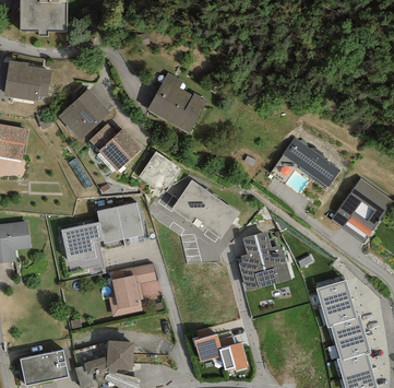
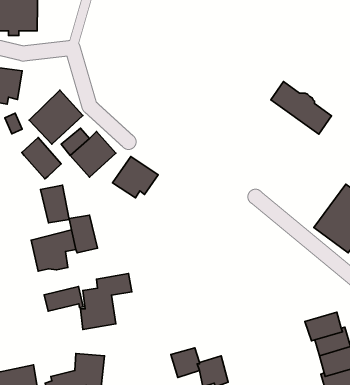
building: [146,72,207,132] -> none
building: none -> [22,138,61,179]
building: [282,137,339,187] -> [271,82,332,134]
building: [170,179,239,238] -> none
building: [116,202,143,238] -> [41,185,69,223]
building: [239,233,289,292] -> none
building: none -> [44,287,83,311]
building: [315,280,351,308] -> none

